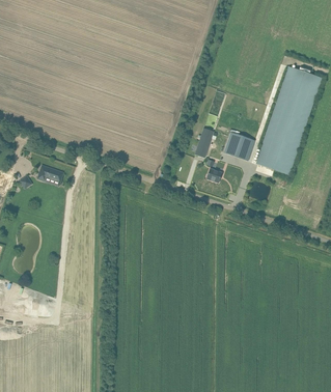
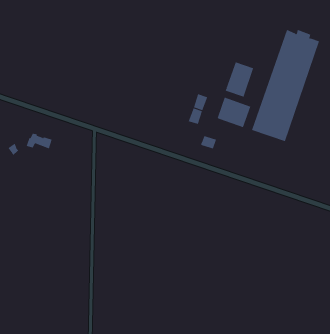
building: none -> [225,61,254,98]

